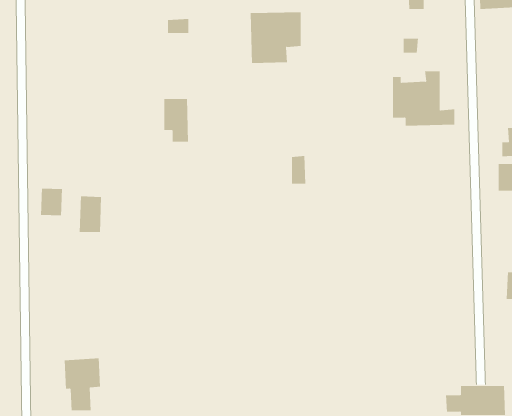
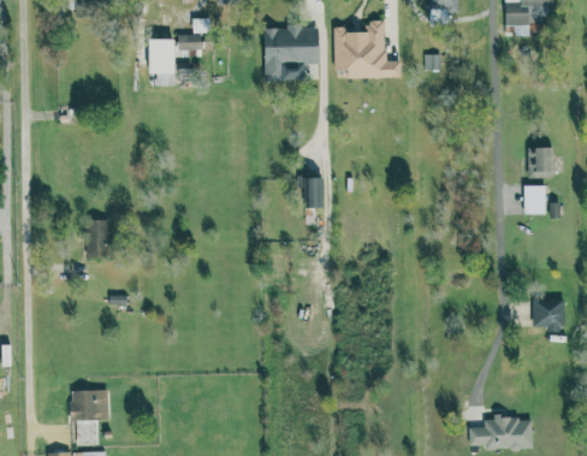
building: [392,71,455,126] -> [334,20,401,78]
building: [164,98,189,142] -> [148,40,174,85]
building: [41,188,62,216] -> none

